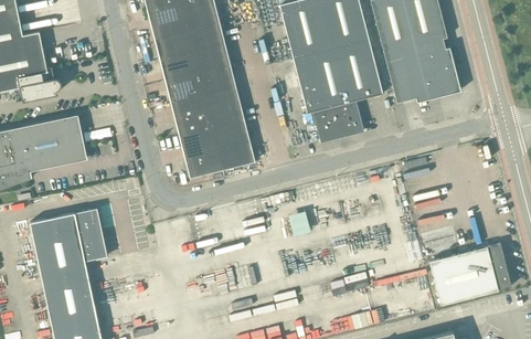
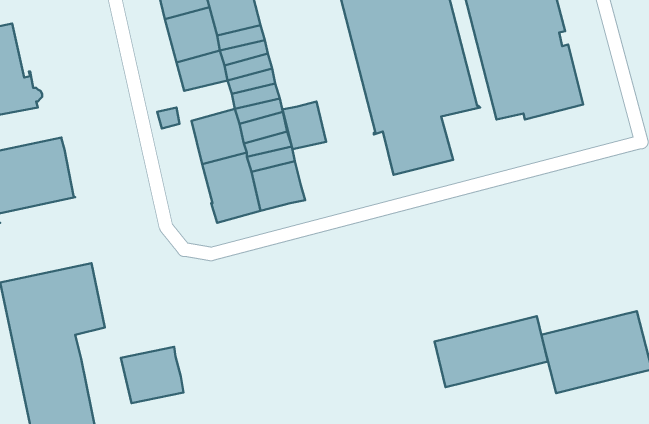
building: [166,74,203,104] -> none
building: none -> [282,101,326,149]
building: none -> [434,316,548,387]
building: none -> [121,347,183,403]

